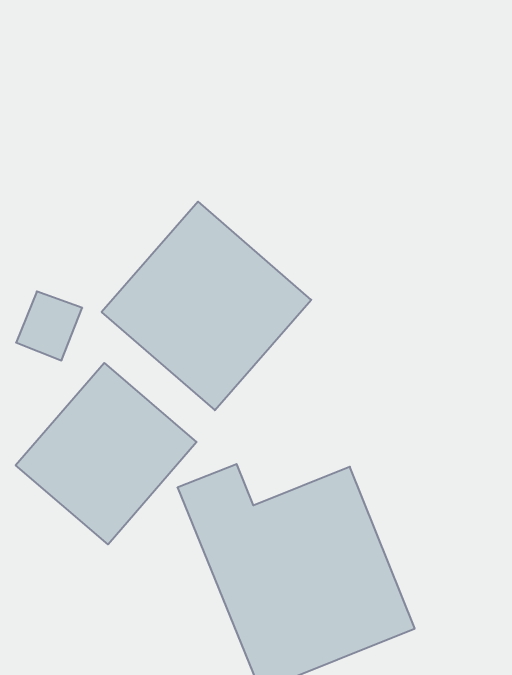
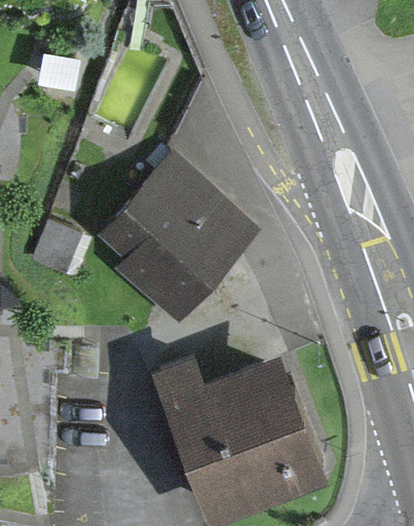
building: [16,363,197,544] -> none

